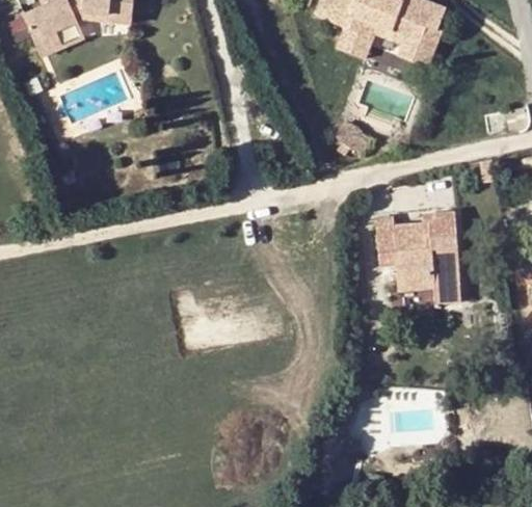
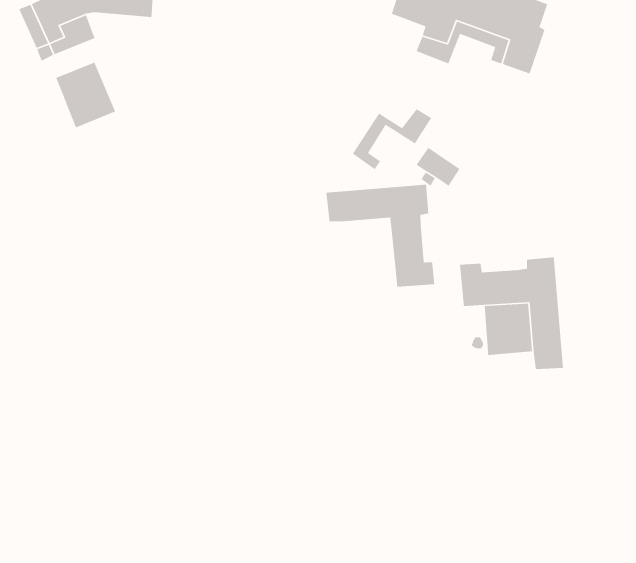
building: none -> [55,62,116,128]
building: none -> [352,108,432,170]
building: none -> [325,184,435,287]

